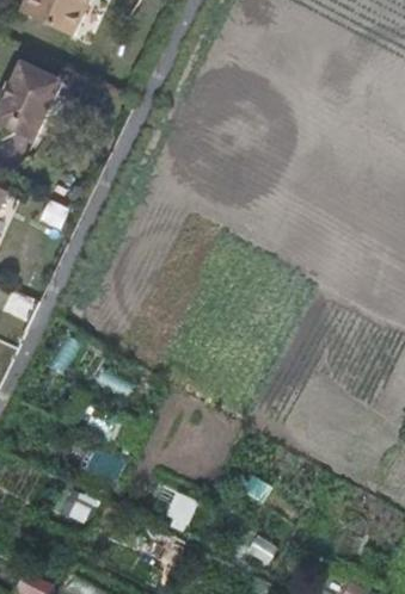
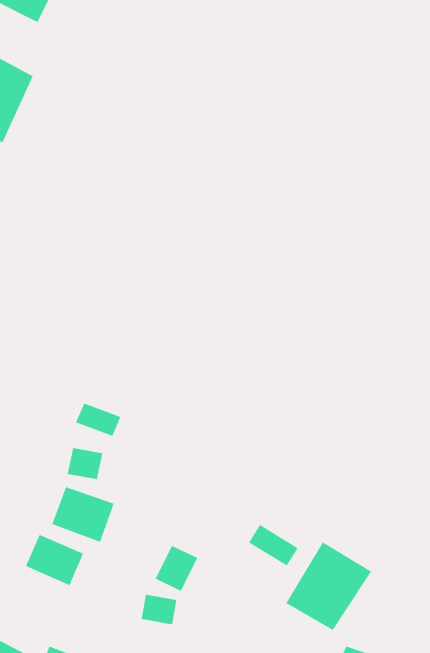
building: none -> [285,541,372,631]

